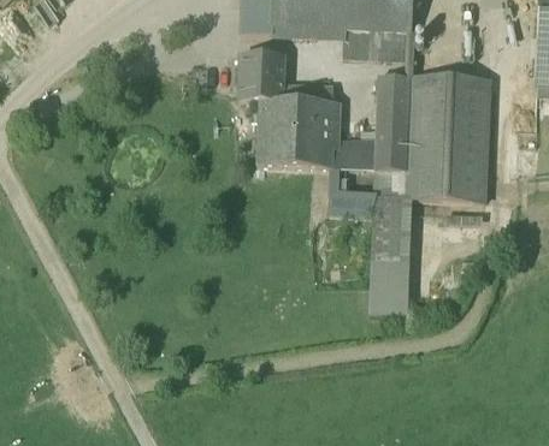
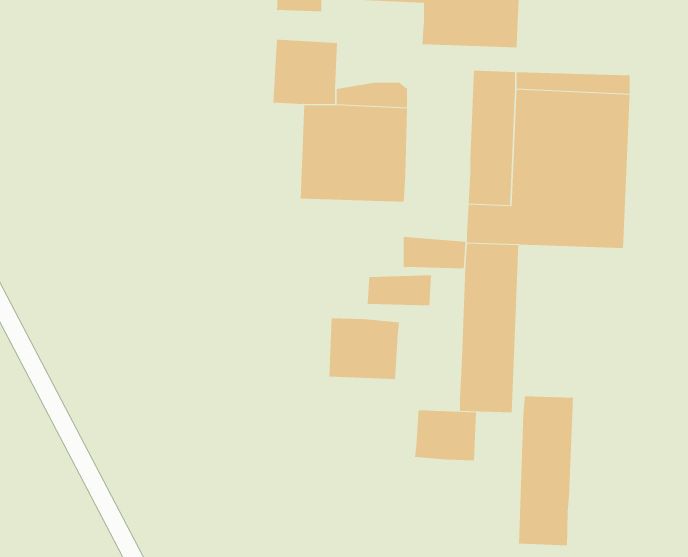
building: [331,147,377,168] -> [367,275,432,306]
building: none -> [329,317,400,380]
building: none -> [518,395,573,546]
building: none -> [415,410,476,461]

